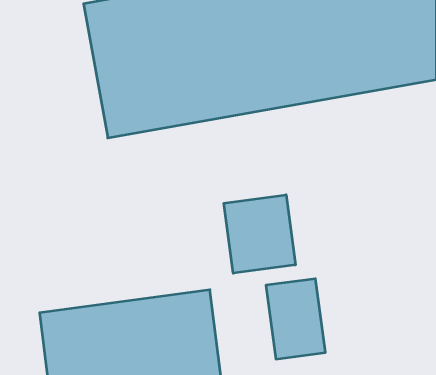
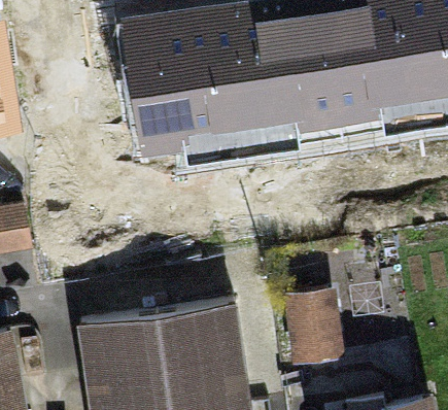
building: [224,195,295,273] -> none

